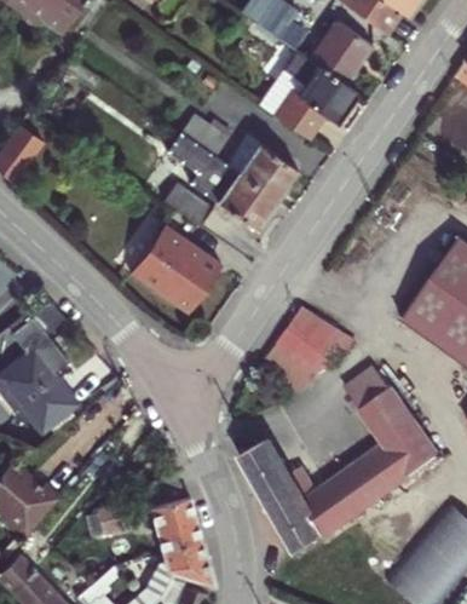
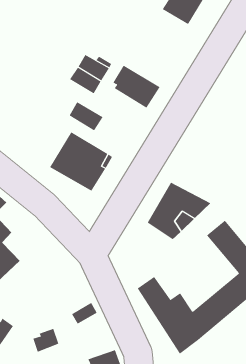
building: [272,51,356,139] -> none
building: [203,167,275,230] -> none
building: [149,497,202,552] -> none

